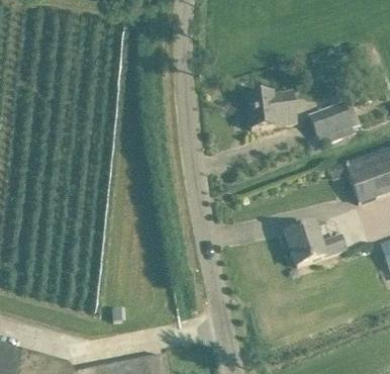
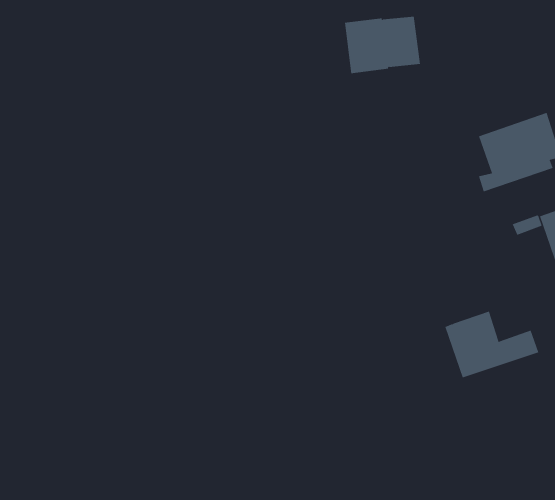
building: [247,92,295,128] -> [344,16,421,74]

